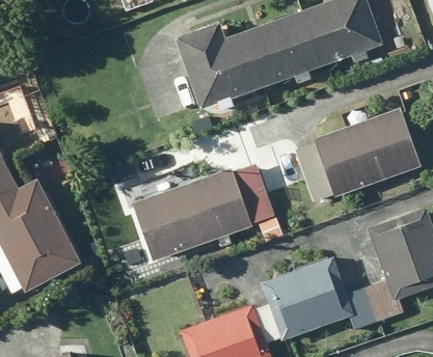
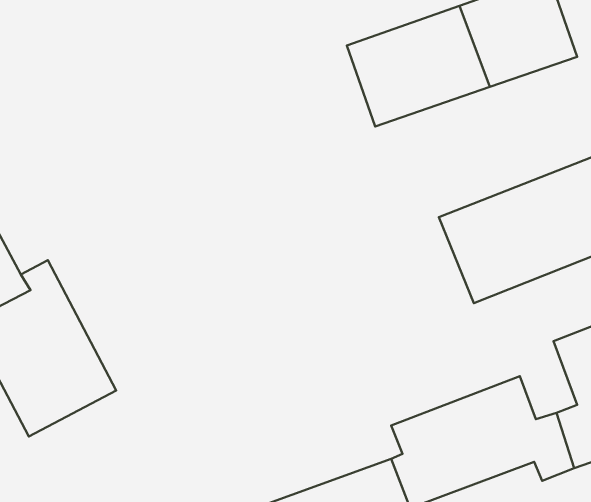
building: [171,27,250,109] -> none
building: [137,167,275,256] -> none

